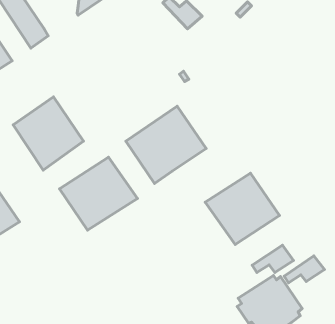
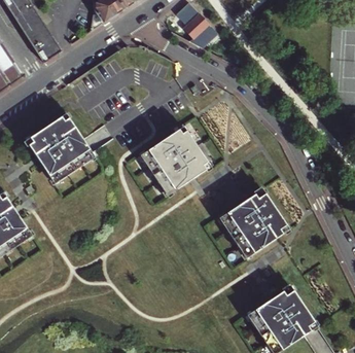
building: [60,157,138,230] -> none
building: [252,245,294,272] -> none
building: [284,256,325,283] -> none

